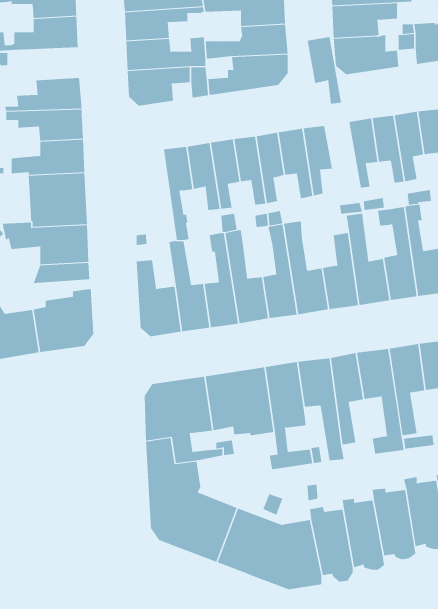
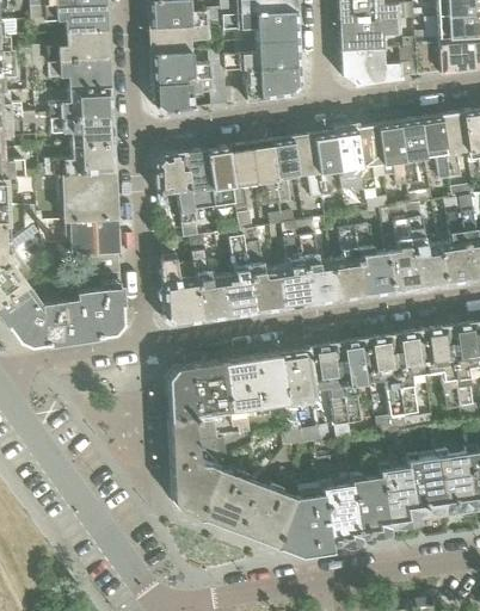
building: [307,36,342,104] -> [334,128,367,190]
building: none -> [50,60,110,90]
building: none -> [158,153,198,237]

